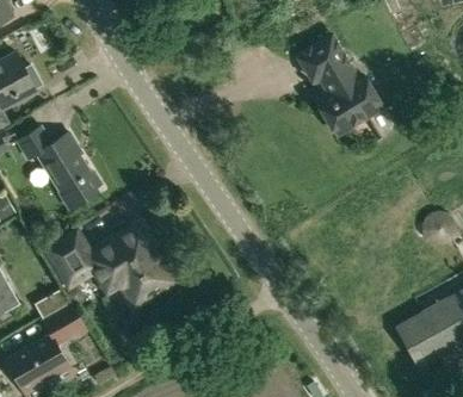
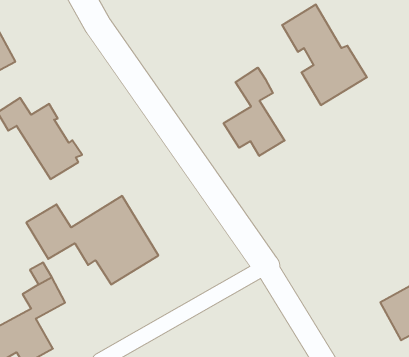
building: none -> [224,68,285,156]

